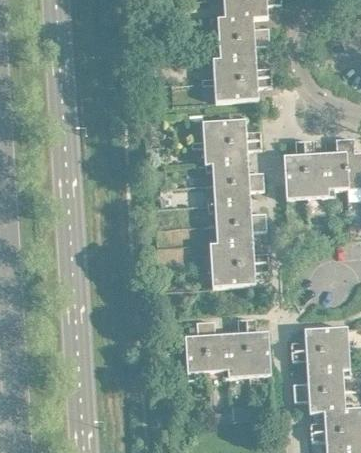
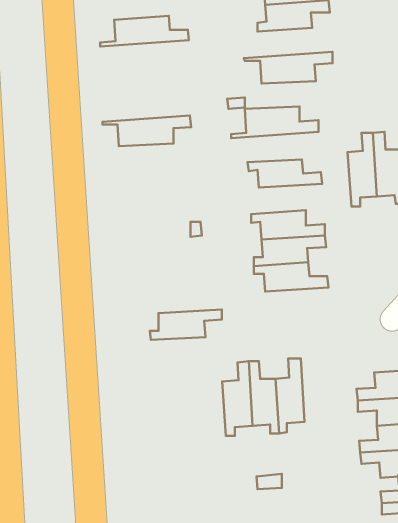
building: [202,58,272,82] -> [100,16,189,46]
building: [192,140,262,164] -> [102,116,191,146]
building: [207,181,264,205] -> none
building: [212,263,269,287] -> [150,309,222,340]
building: [247,318,271,376] -> none

